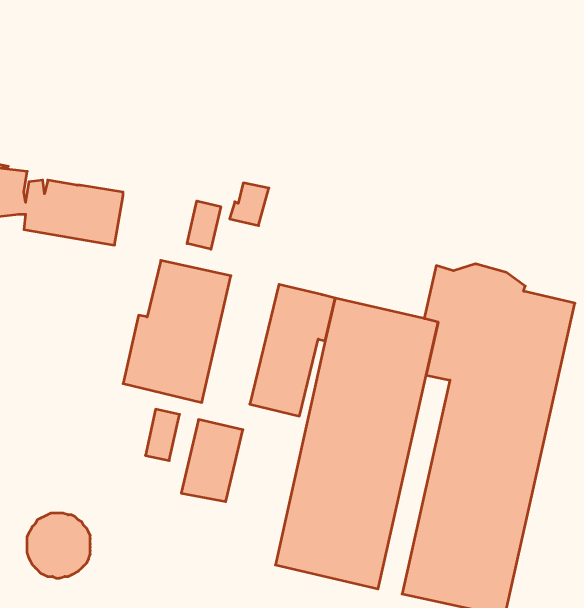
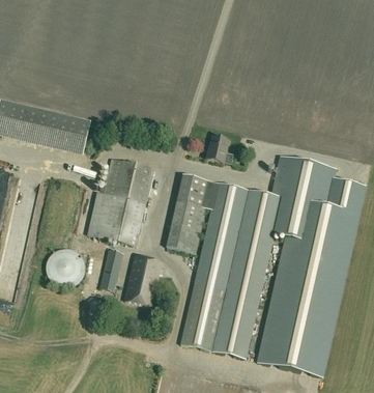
building: [230,183,269,226] -> [206,137,230,163]
building: [187,201,221,249] -> none
building: [27,513,90,578] -> [47,249,85,288]

